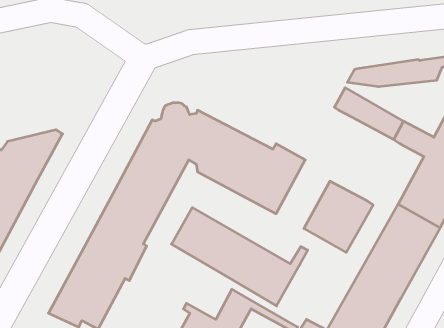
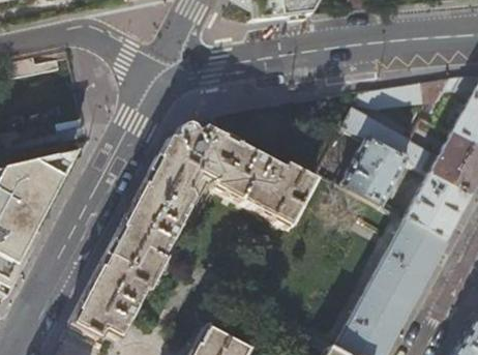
building: [304,181,373,252] -> [342,139,409,207]
building: [171,208,308,306] -> none

